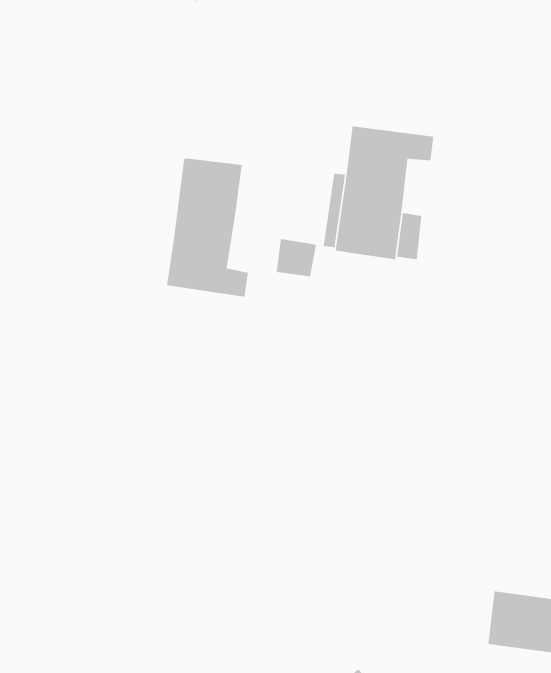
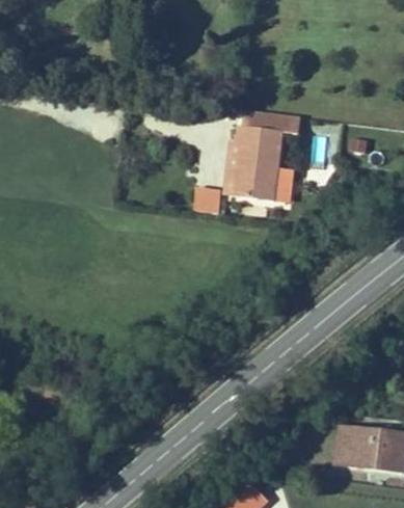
building: [167,157,248,297] -> none

